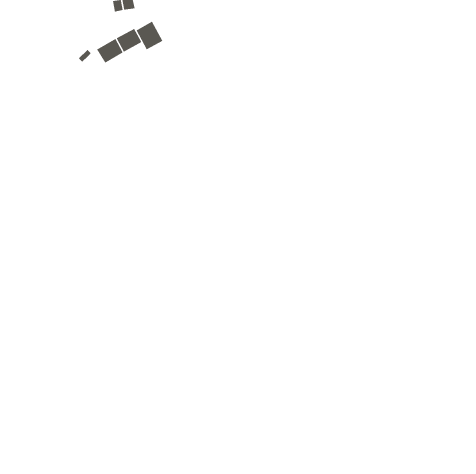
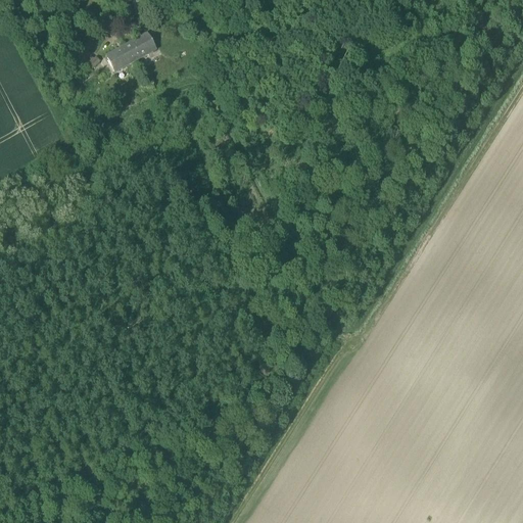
building: [136,21,163,50] -> none

